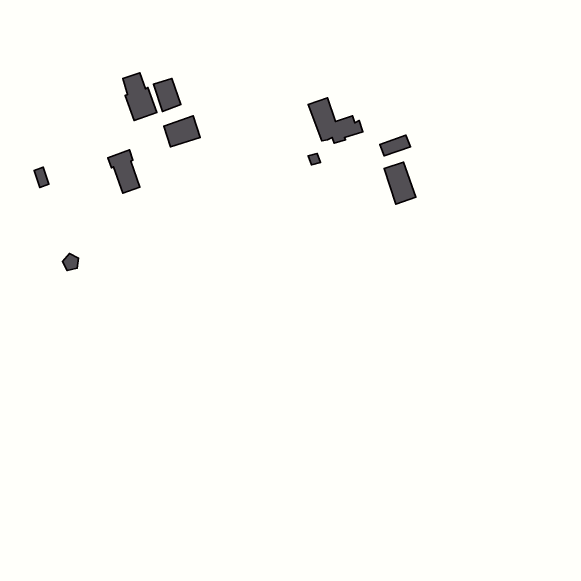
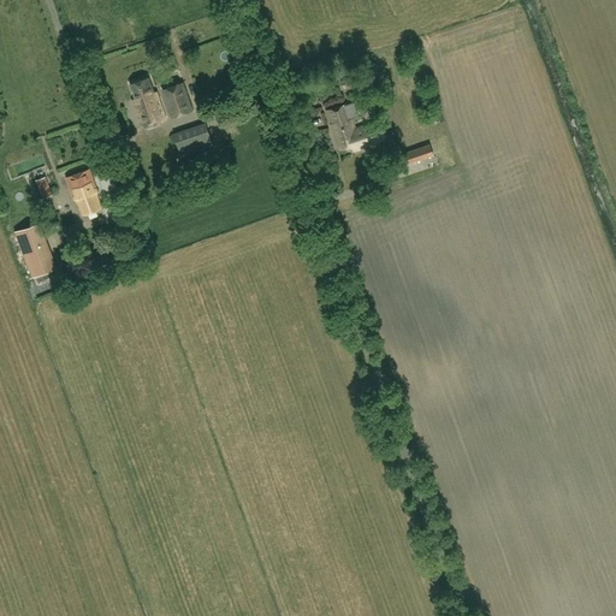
building: [108,150,140,193] -> [67,170,101,215]
building: [384,162,416,204] -> none
building: none -> [14,223,57,278]

